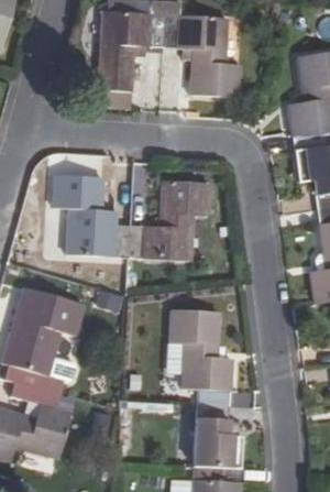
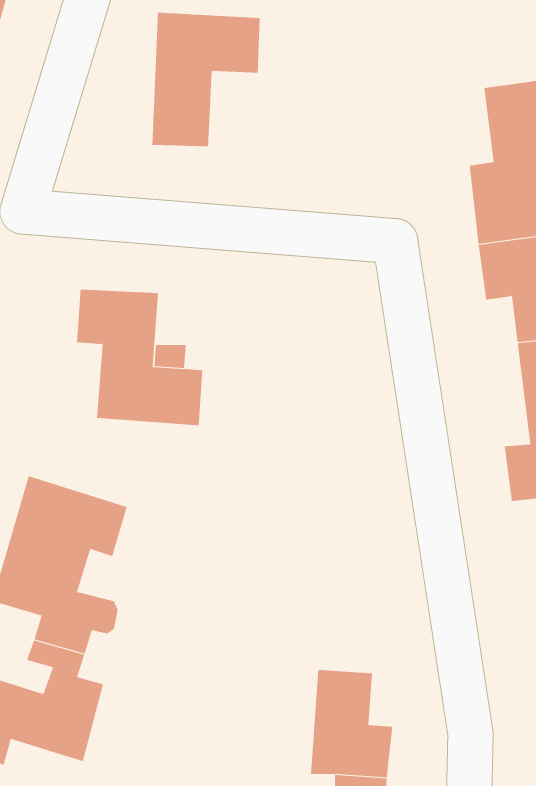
building: [163,14,239,97] -> none
building: [128,182,210,262] -> none
building: [169,309,233,405] -> none

